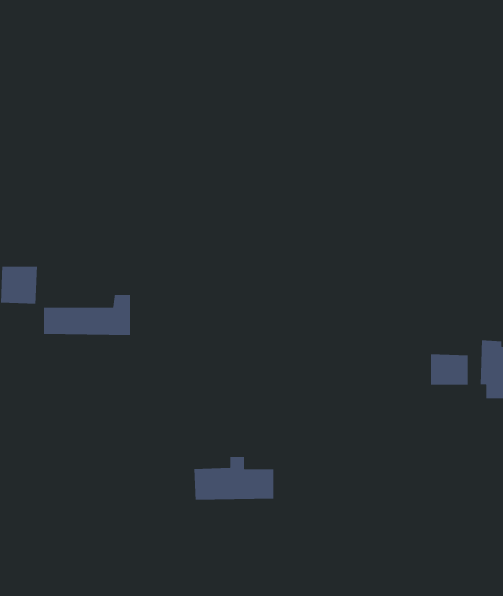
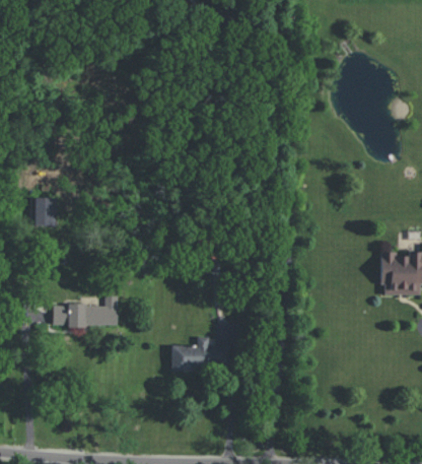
building: [43,294,131,336] -> [54,296,118,327]
building: [430,354,469,385] -> none

